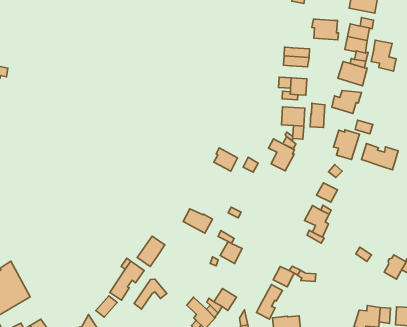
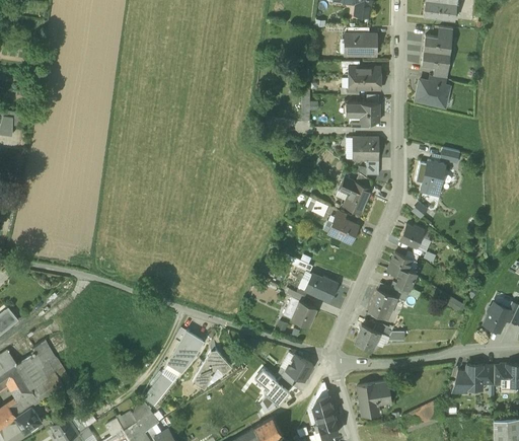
building: [312,19,338,40] -> [345,33,376,56]
building: [371,40,396,71] -> none
building: [332,91,361,114] -> none
building: [310,103,325,128] -> none
building: [361,143,398,170] -> none
building: [214,148,238,171] -> [330,216,358,242]
building: [183,209,213,233] -> [304,274,339,301]
building: [137,236,165,266] -> none
building: none -> [368,289,396,316]
building: [256,285,282,319] -> none

